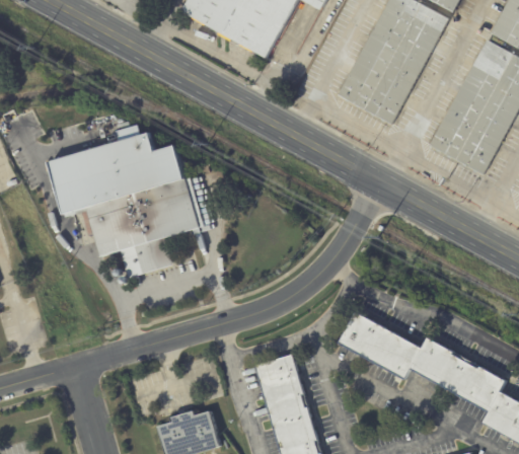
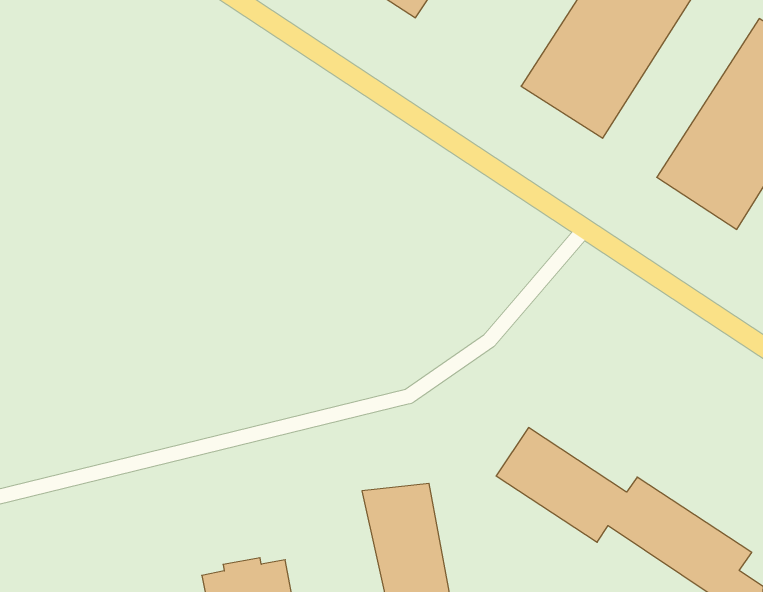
building: [45,132,195,275] -> none

